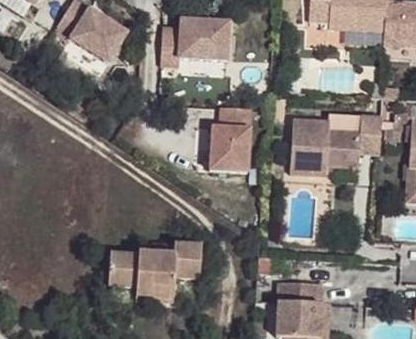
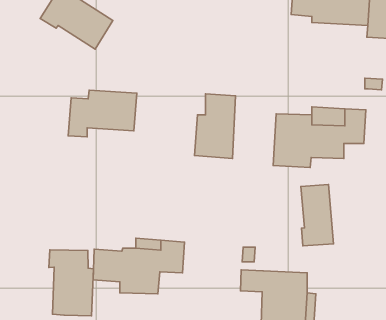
building: [161,15,230,62] -> [68,90,137,137]
building: none -> [301,185,333,246]
building: none -> [49,250,93,316]

